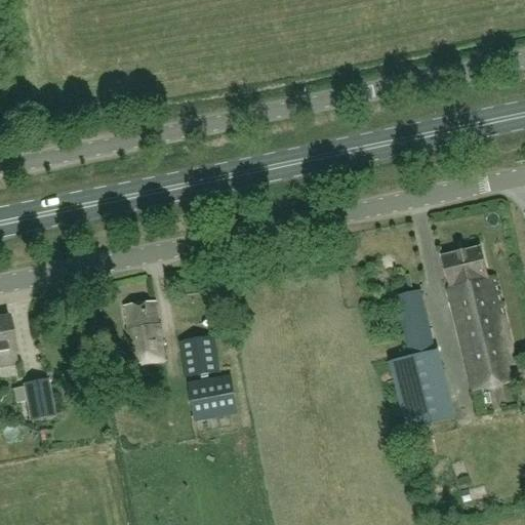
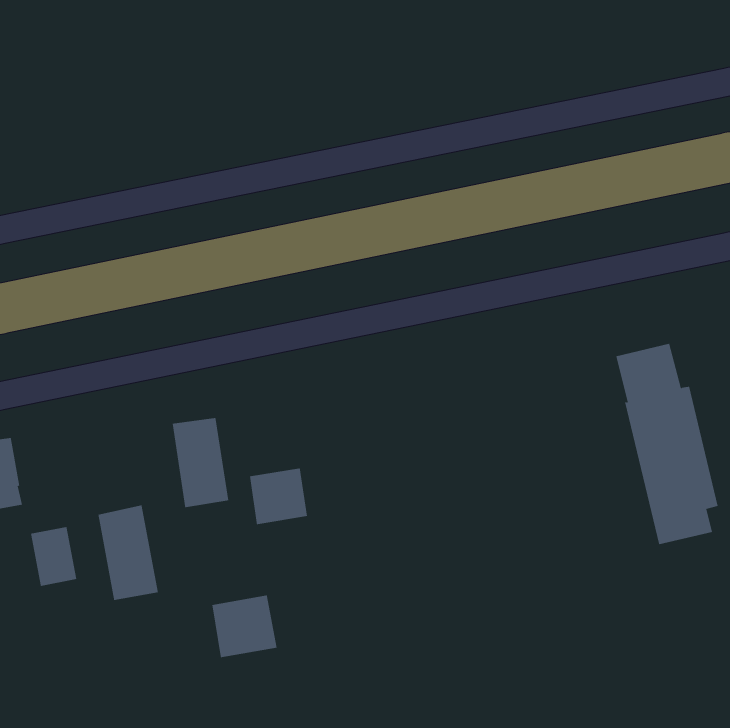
building: [391,288,452,428] -> none
building: none -> [98,505,158,601]
building: [189,374,236,419] -> [212,595,277,658]

